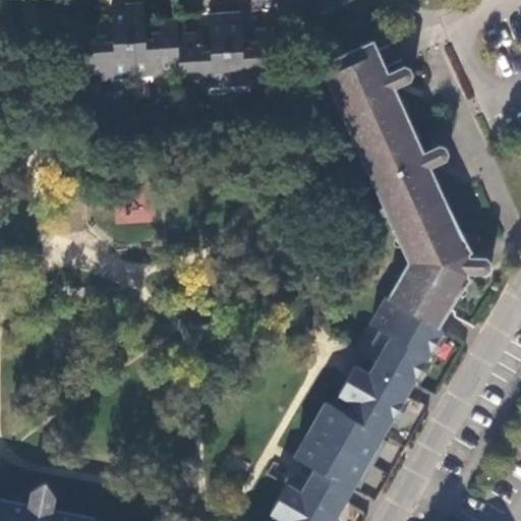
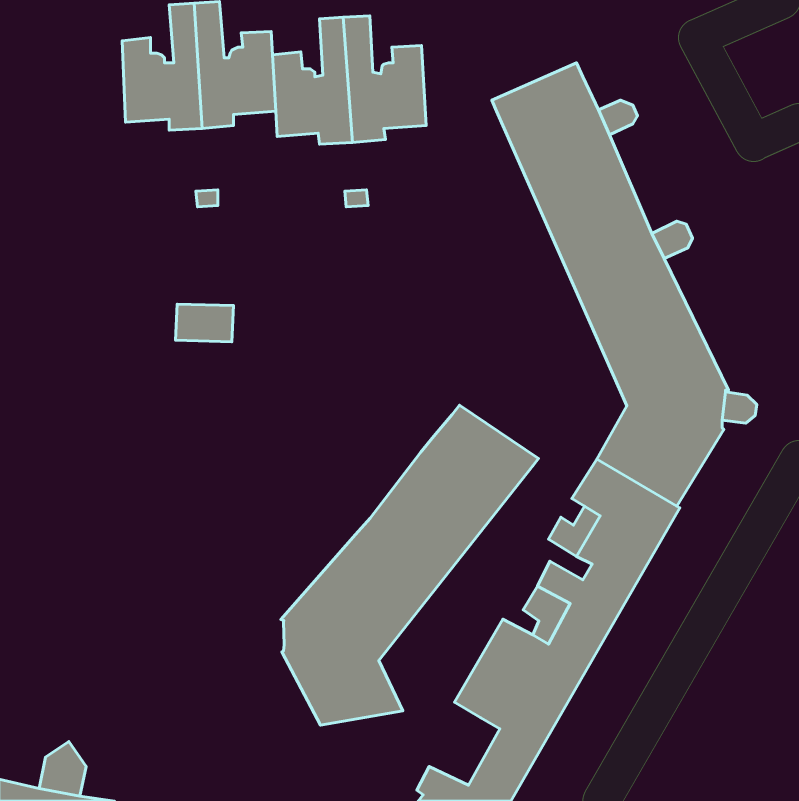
building: none -> [281,405,539,725]
building: [279,466,325,510] -> none

